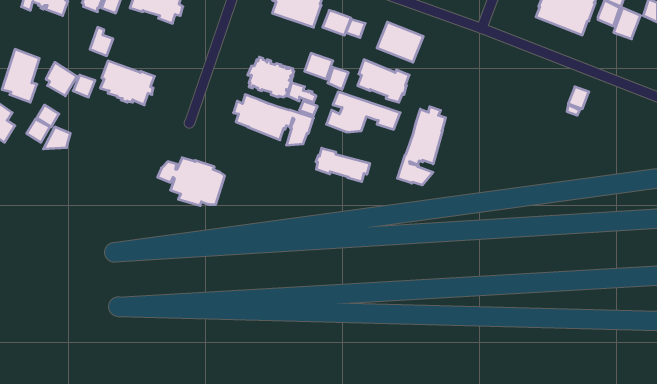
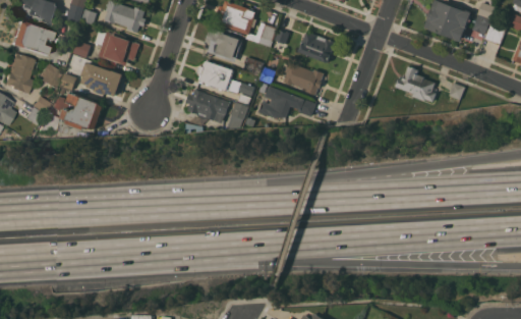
building: none -> [8,20,51,56]
building: none -> [201,28,242,62]
building: none -> [98,32,139,68]
building: none -> [395,66,437,102]
building: [397,107,446,185] -> none
building: [316,148,370,182] -> none
building: [158,158,225,206] -> [50,93,103,130]

